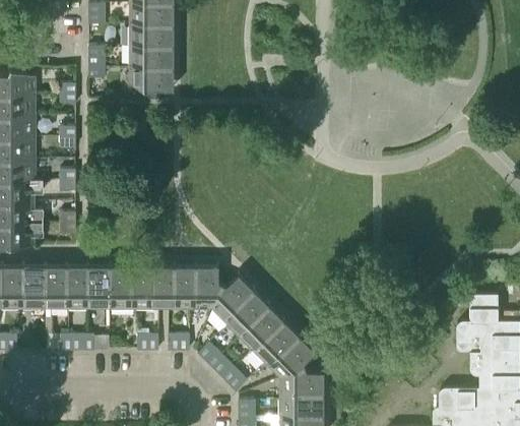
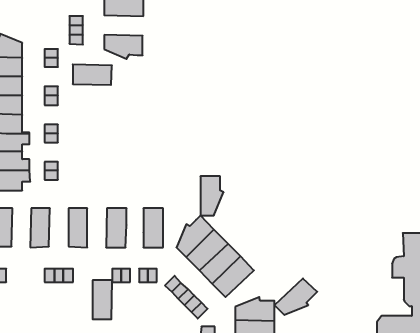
building: [128,45,173,68] -> [73,64,112,85]
building: [22,265,45,310] -> none
building: [65,265,87,309] -> none
building: [109,265,131,310] -> [93,280,112,319]
building: [152,265,173,310] -> none
building: [195,265,221,310] -> [200,176,224,215]
building: [266,337,315,378] -> [274,278,317,315]

